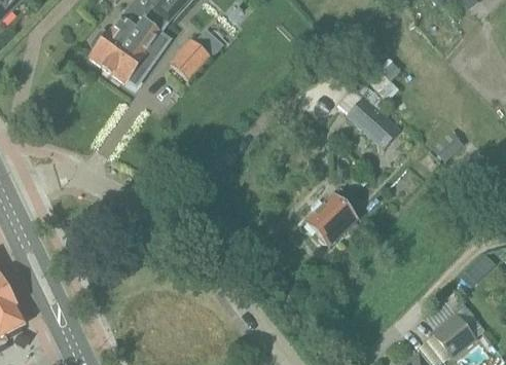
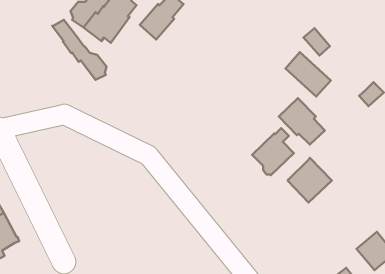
building: none -> [52,20,106,80]
building: none -> [279,98,325,145]
building: none -> [288,158,332,202]

